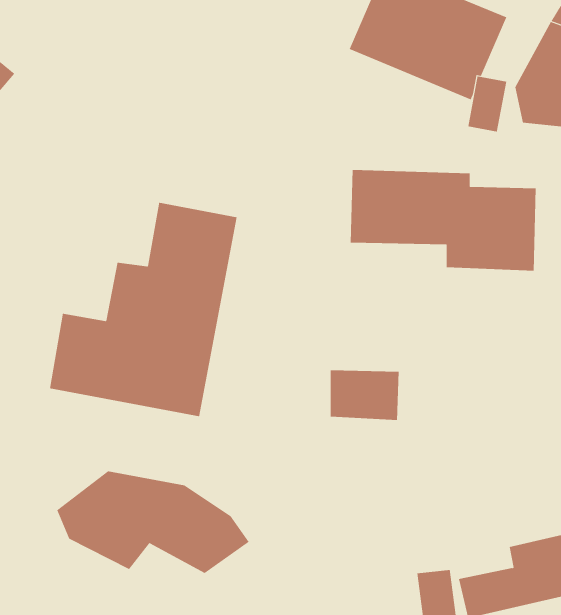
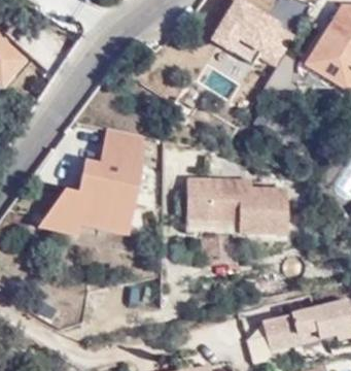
building: [350,169,536,271] -> [182,165,284,221]
building: [57,470,250,574] -> none

